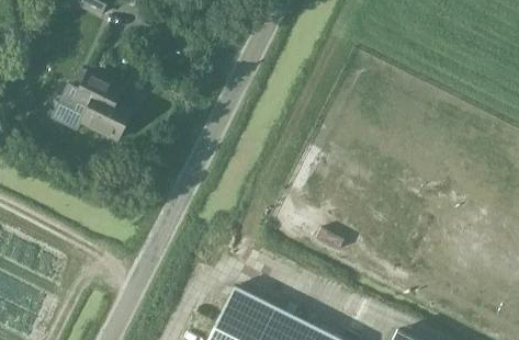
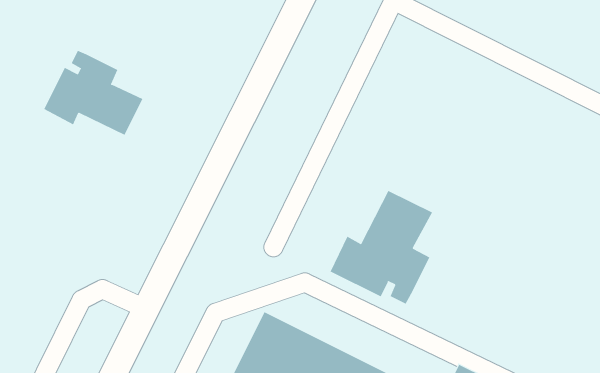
building: none -> [330,190,433,304]

